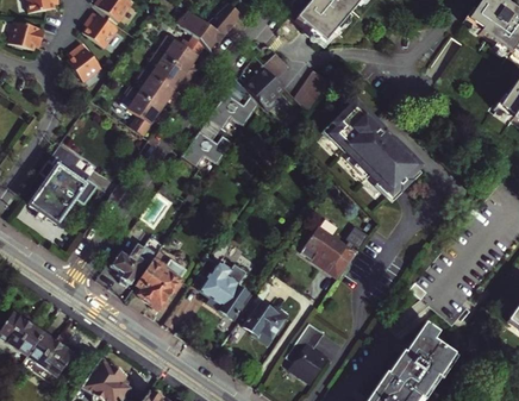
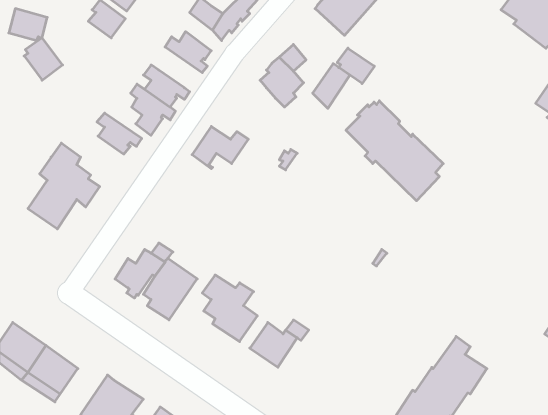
building: [70,39,106,79] -> [24,38,63,80]
building: [151,52,193,90] -> [97,113,142,154]
building: none -> [337,48,374,84]
building: [210,88,261,126] -> none
building: [300,234,352,287] -> none
building: [286,321,329,382] -> none

